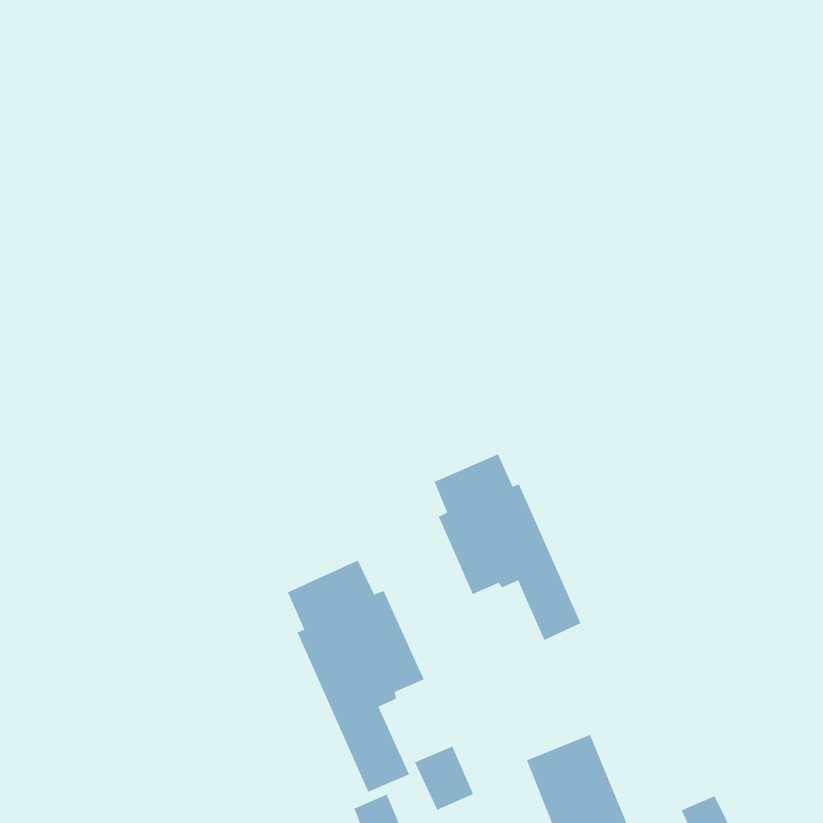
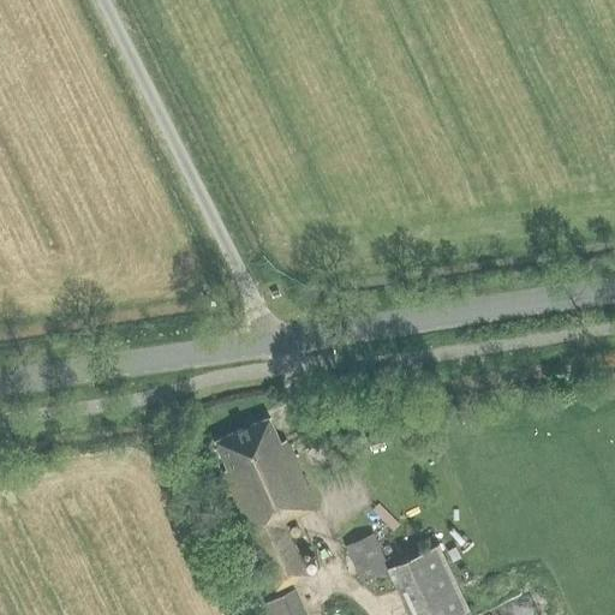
building: [434,454,581,641] -> none
building: [414,746,474,810] -> [347,535,392,583]

